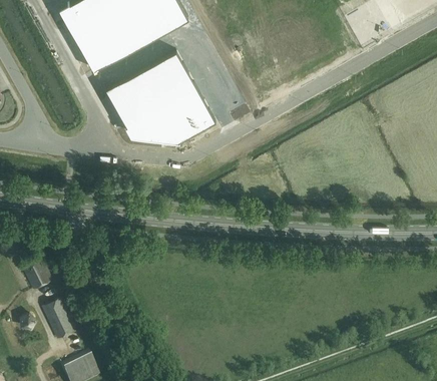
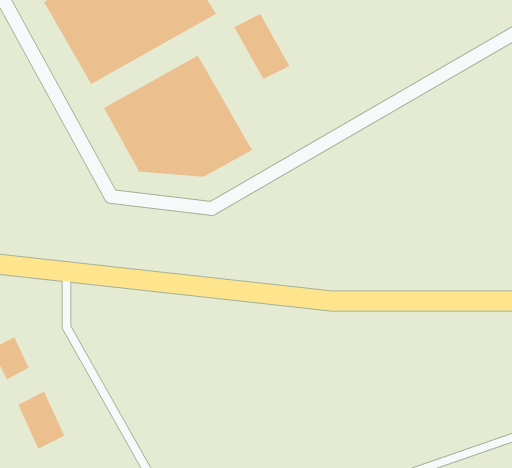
building: none -> [234,13,290,80]

